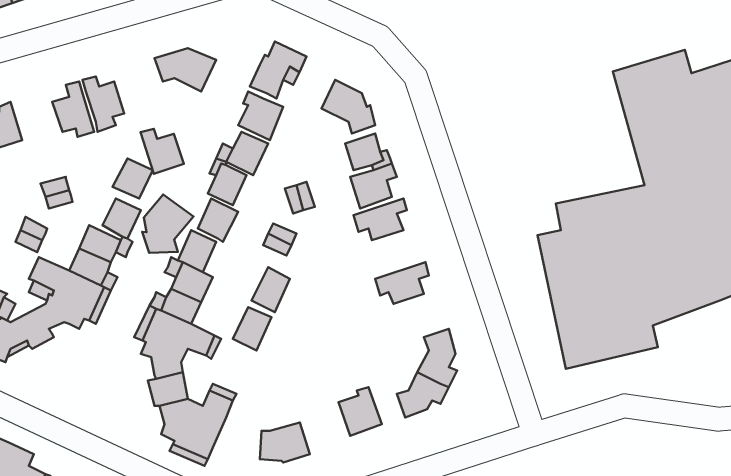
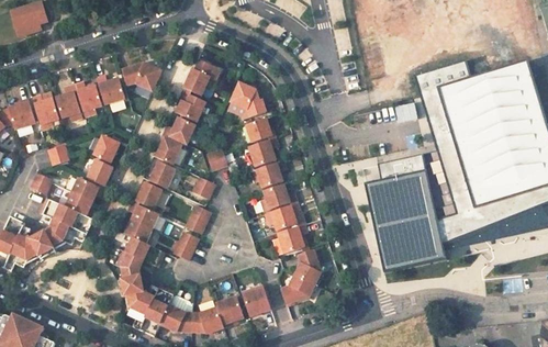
building: none -> [30,93,58,130]
building: [140,129,184,174] -> [94,74,123,103]
building: [142,195,193,253] -> none
building: none -> [261,182,298,210]
building: none -> [278,223,309,254]
building: none -> [215,296,244,328]
building: none -> [159,304,191,332]

